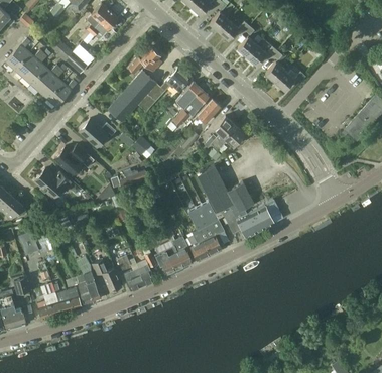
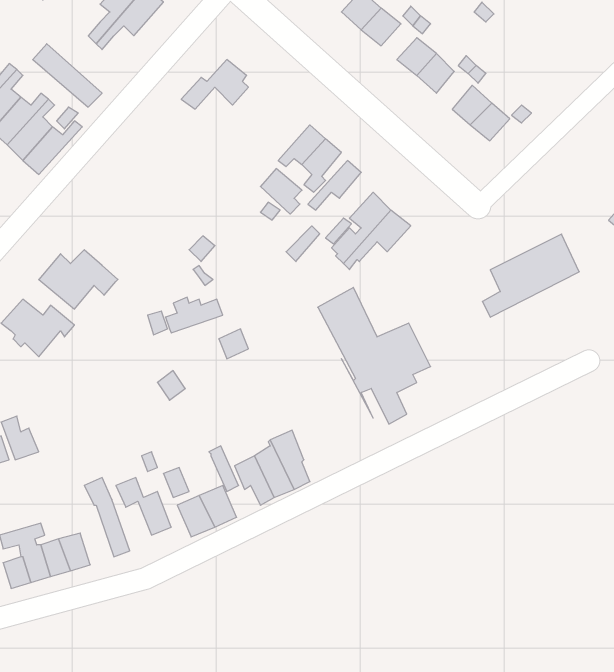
building: [108,68,190,122] -> none
building: [80,119,117,147] -> none
building: [234,200,283,242] -> [482,234,579,317]
building: [188,201,226,261] -> none
building: [67,271,94,304] -> none

